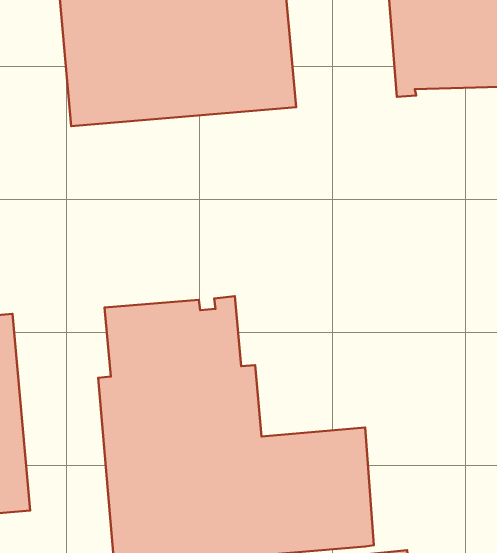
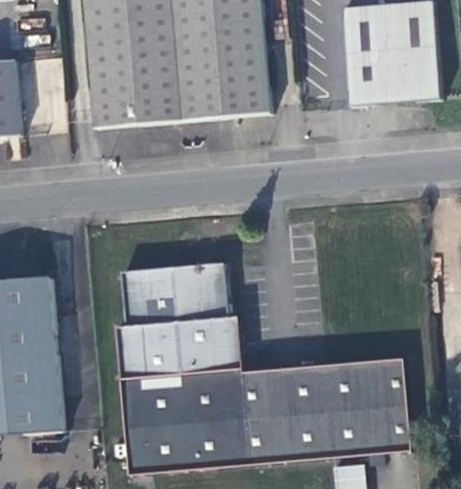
building: none -> [326,357,413,456]

